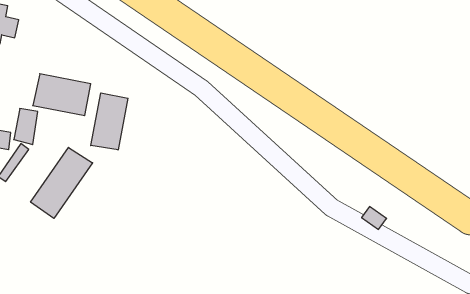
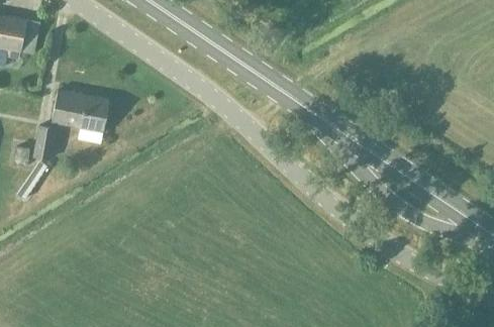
building: [91,93,128,150] -> none
building: [31,147,93,218] -> none

